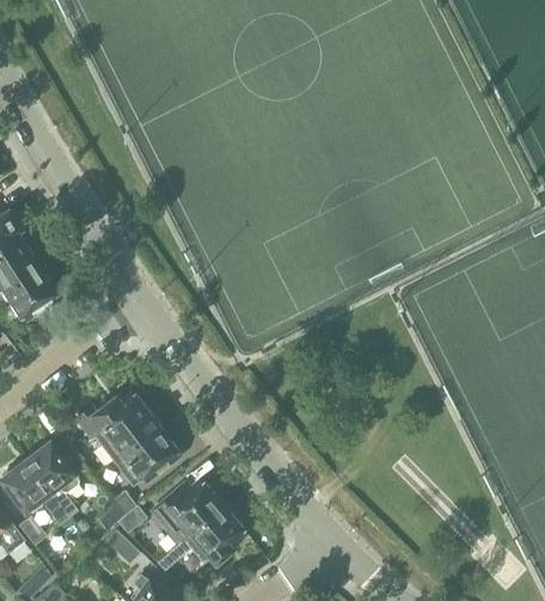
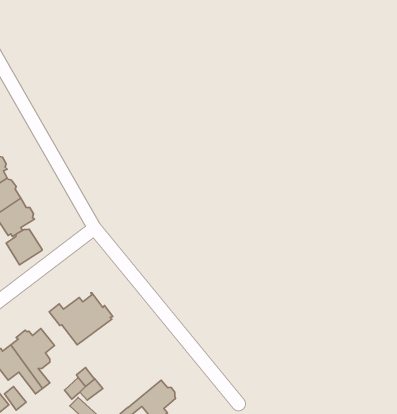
building: none -> [6,229,42,265]
building: [112,428,178,486] -> none
building: [152,484,222,544] -> none

